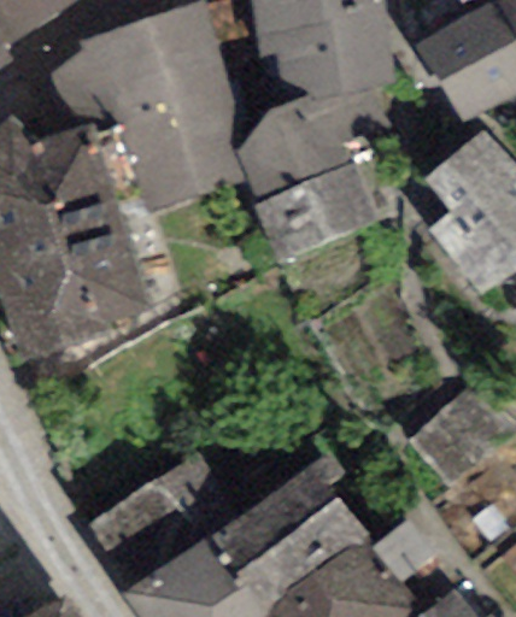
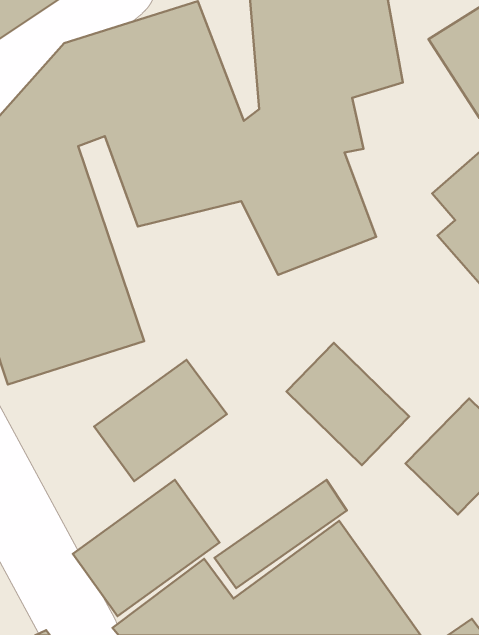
building: none -> [287,343,409,465]
building: none -> [94,360,227,481]

